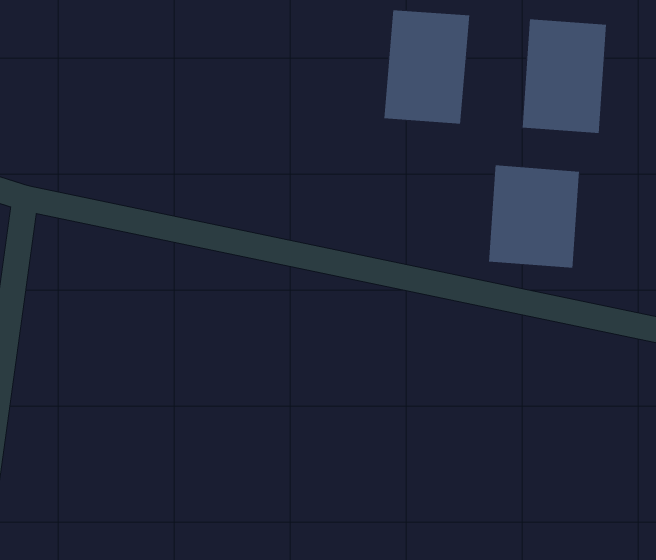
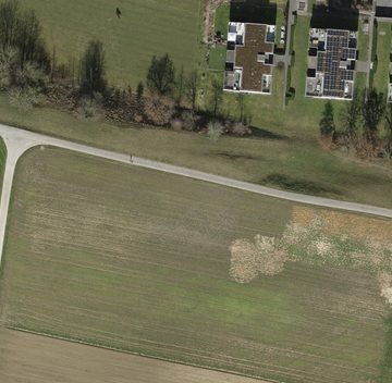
building: [489,165,579,269] -> none

